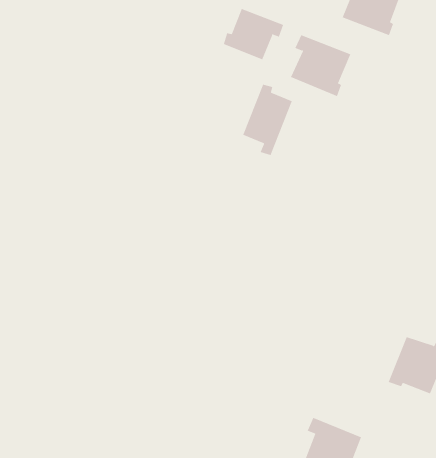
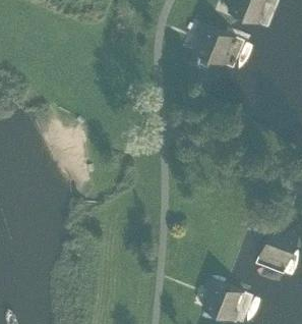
building: [223,8,284,60] -> none
building: [242,84,292,156] -> none

